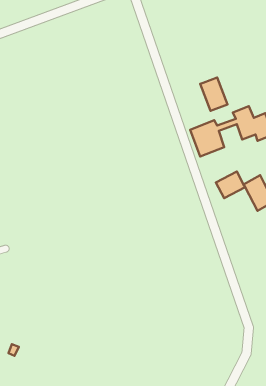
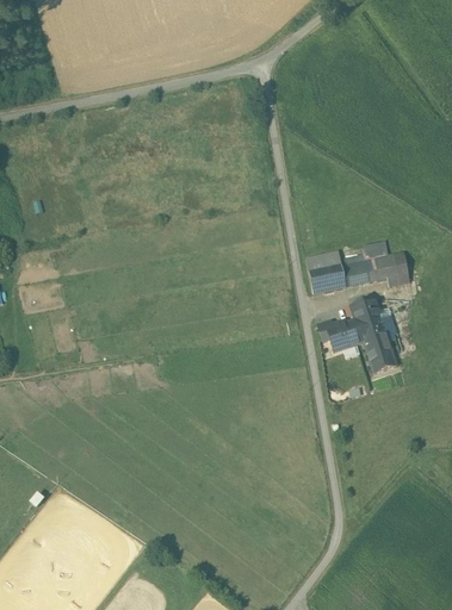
building: [200,77,228,111] -> none
building: none -> [352,298,385,338]

